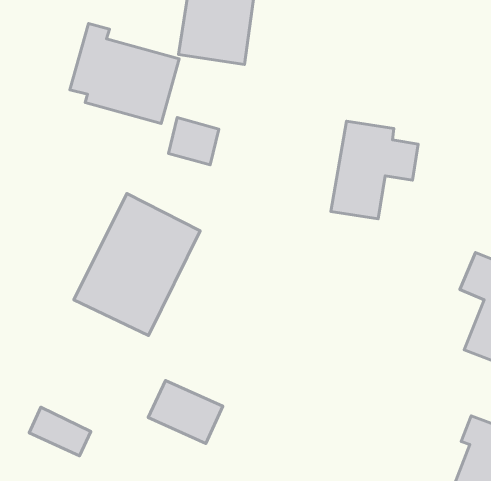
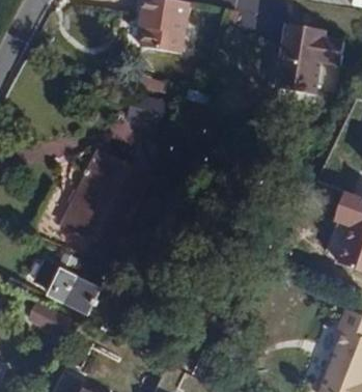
building: [70,24,179,123] -> none
building: [331,121,418,219] -> [279,23,342,93]
building: [148,380,223,443] -> [47,268,101,313]

